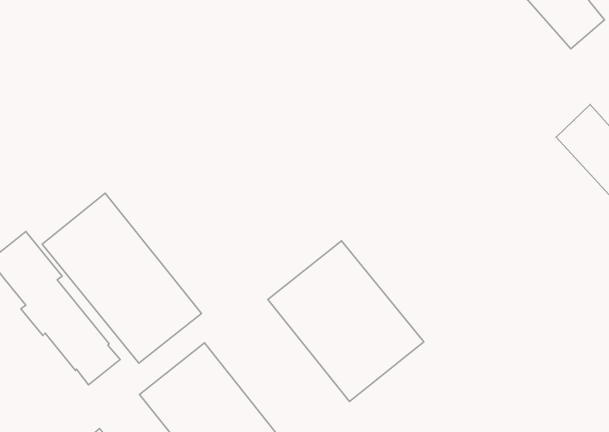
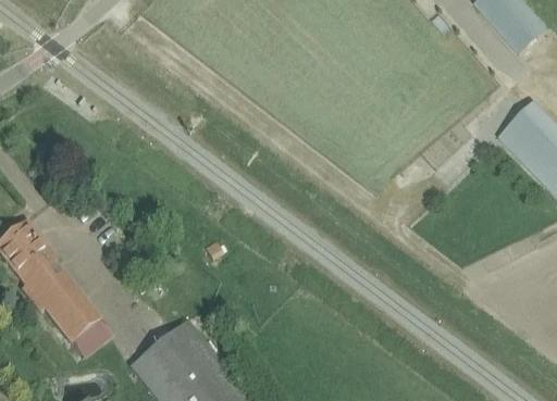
building: [42,193,201,363] -> none
building: [268,241,424,402] -> none

